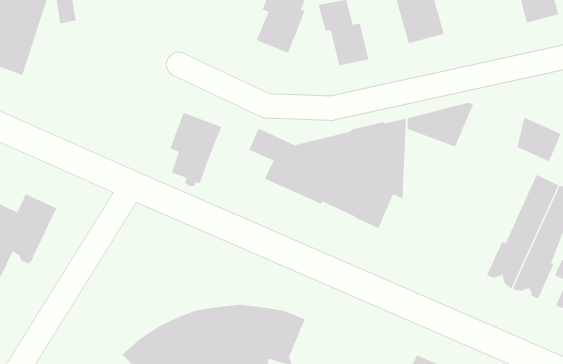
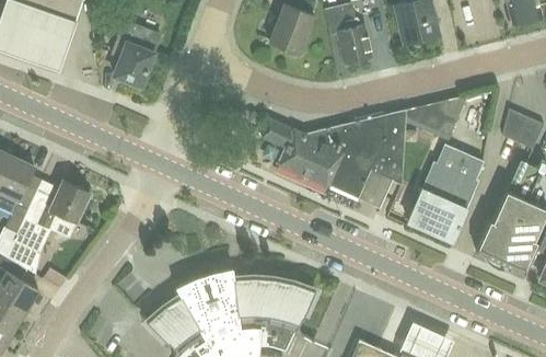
building: [170,112,222,186] -> [113,22,160,89]
building: none -> [407,146,481,242]

